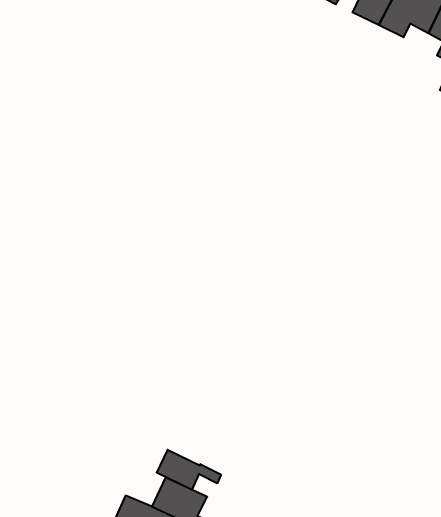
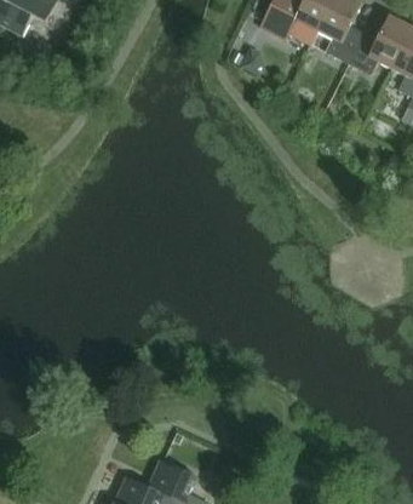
building: [157,450,221,490] -> none

